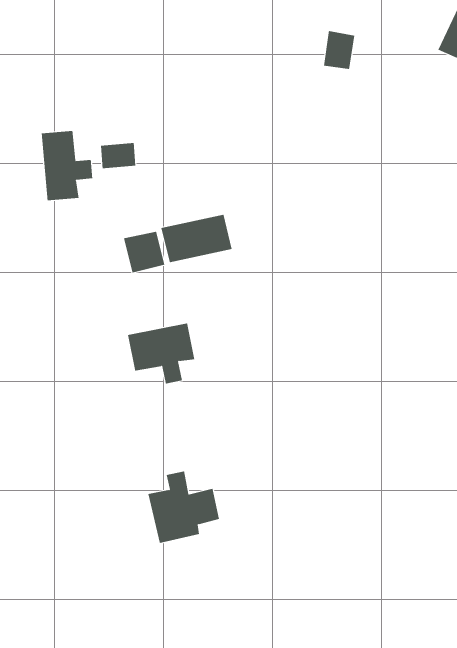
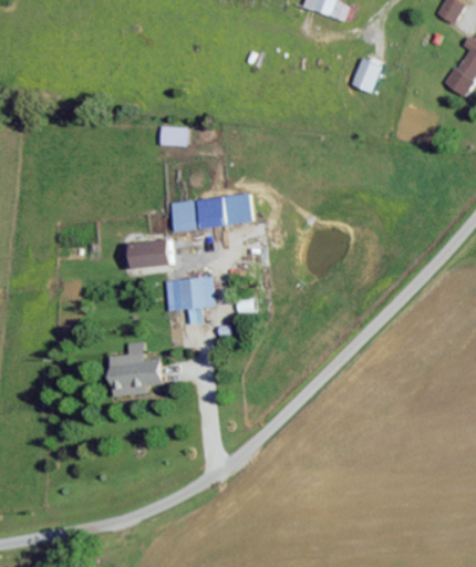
building: [41,130,93,201] -> none
building: none -> [136,240,176,267]
building: [147,471,220,544] -> [111,341,166,396]

